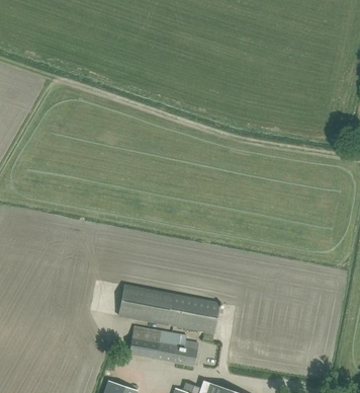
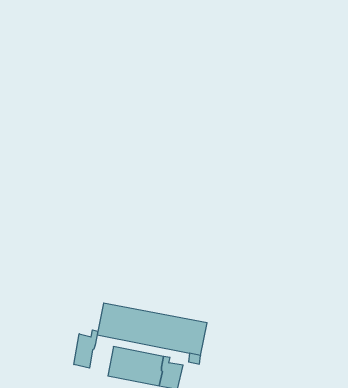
building: none -> [74,330,98,368]

